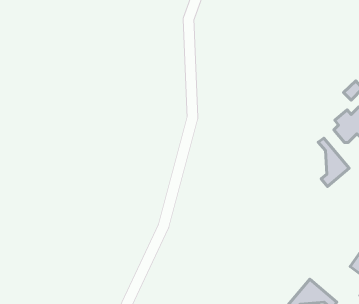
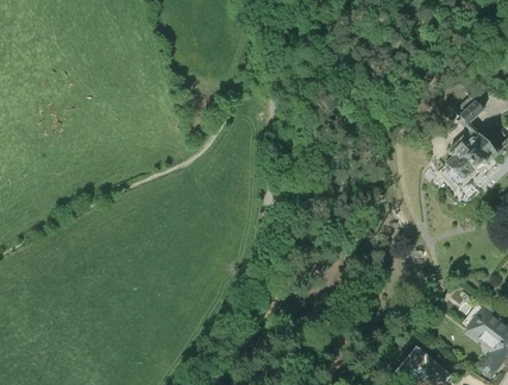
building: [318,138,349,186] -> none

